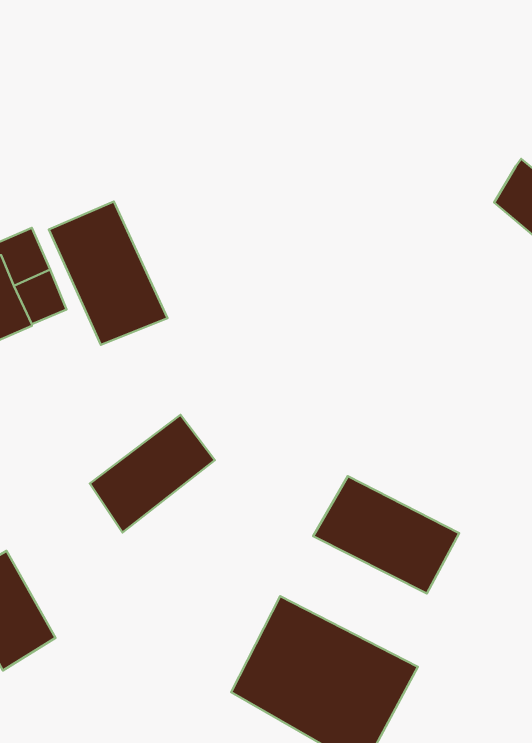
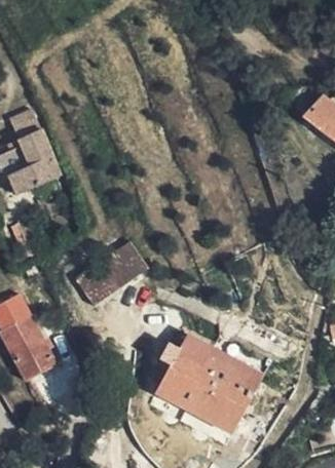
building: [49,202,168,345] -> none
building: [313,476,459,593] -> none

